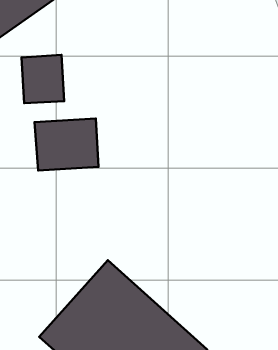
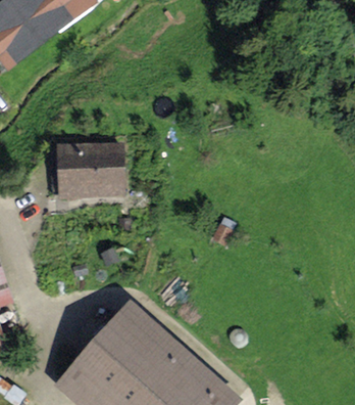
building: [21,55,64,103] -> none

